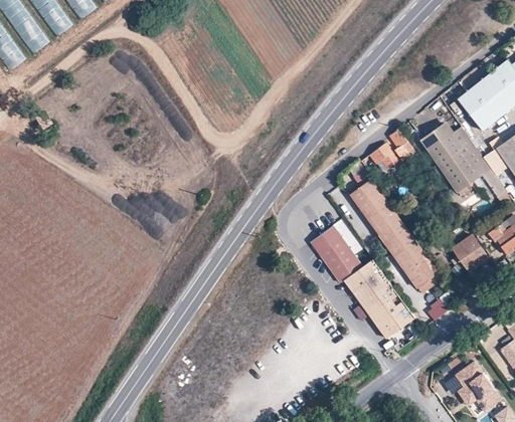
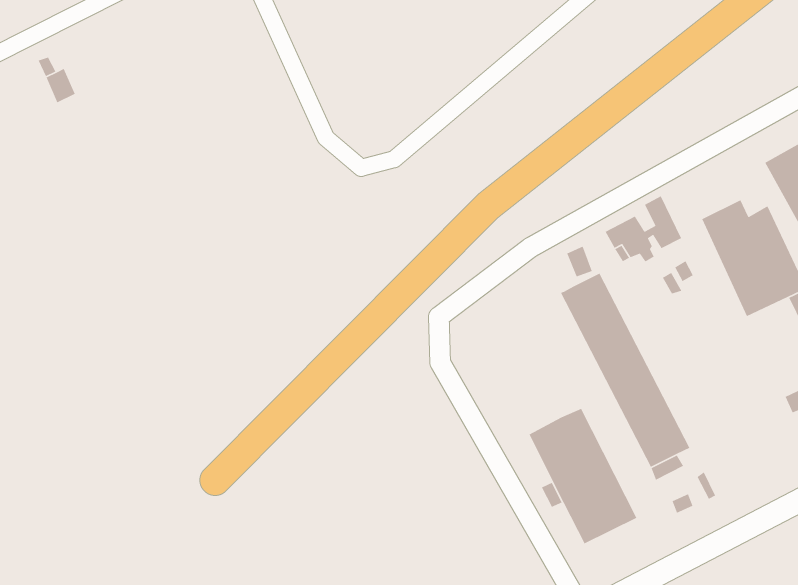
building: [310,226,361,282] -> none
building: [449,231,484,267] -> none

